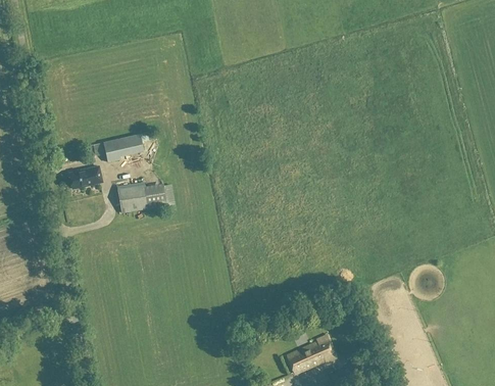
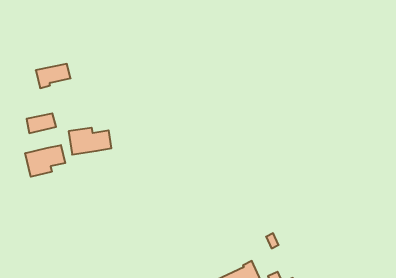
building: [104,135,144,162] -> [36,64,71,88]
building: none -> [25,145,65,177]

